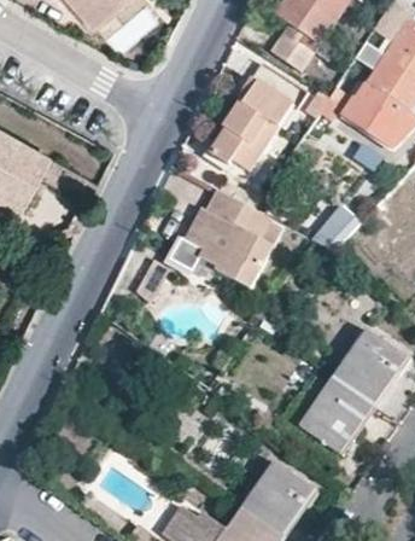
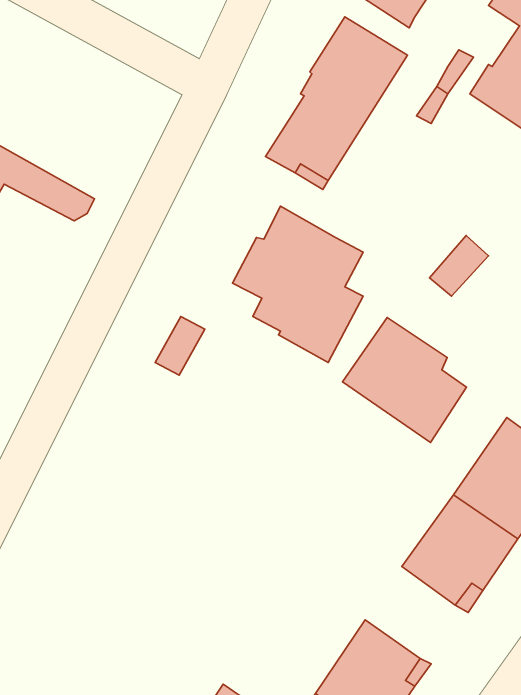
building: none -> [342,318,467,442]

